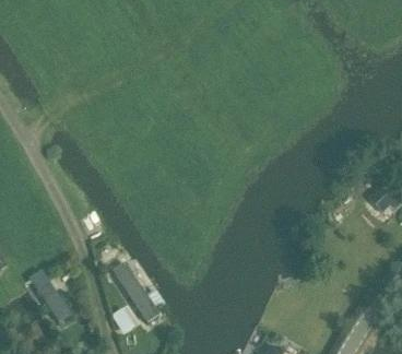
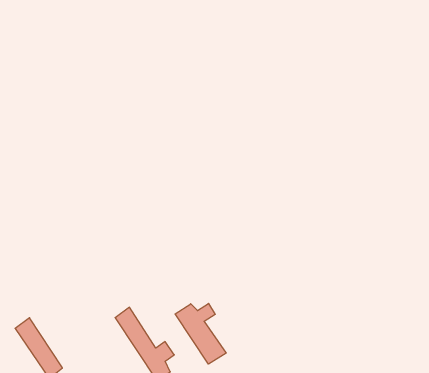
building: none -> [175,303,226,364]

